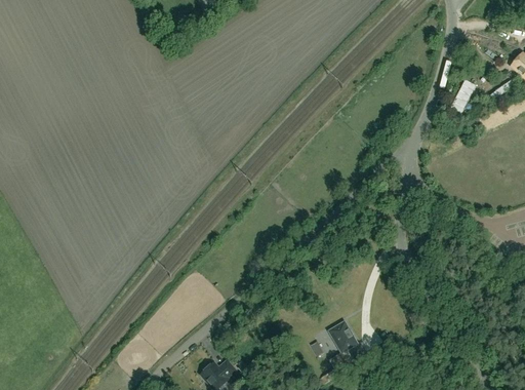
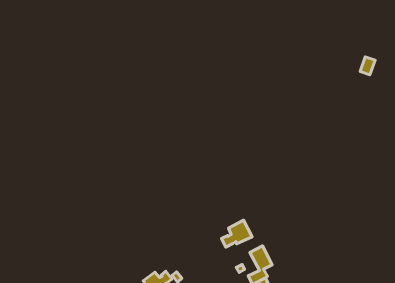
building: none -> [221,220,252,247]

